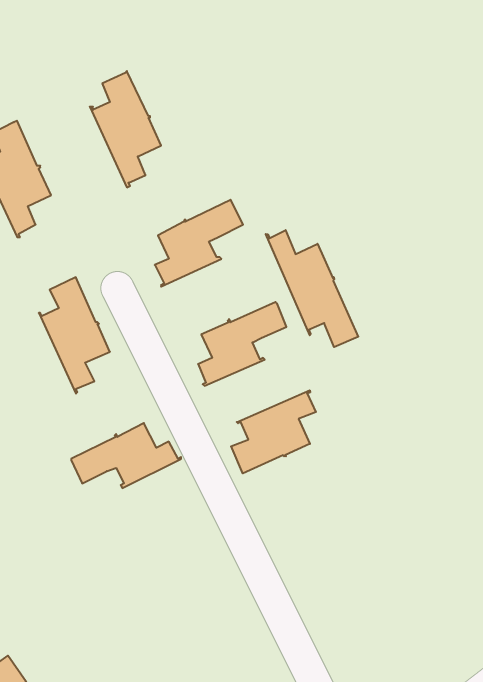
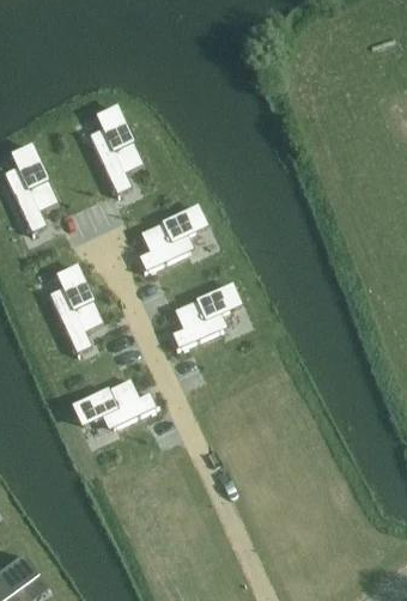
building: [266,230,358,347] -> none
building: [231,390,316,473] -> none

